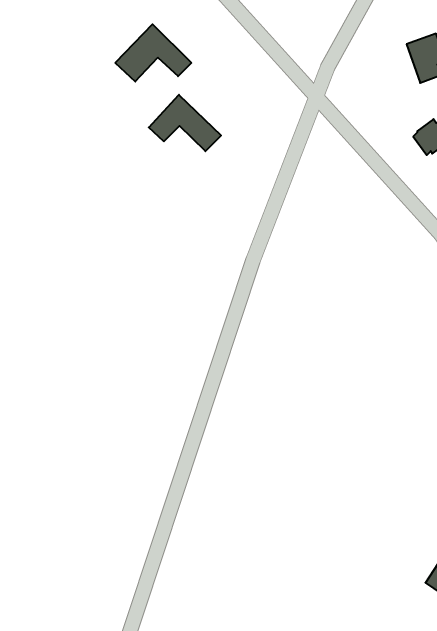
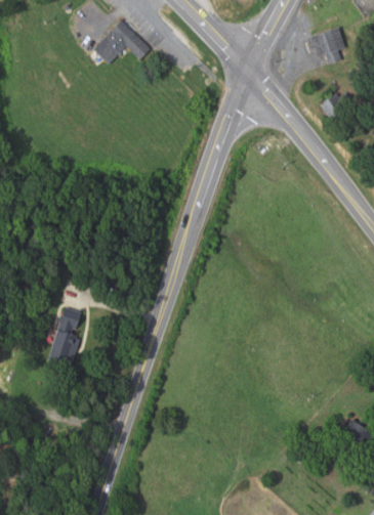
building: [149,95,221,151] -> none
building: none -> [46,305,82,364]

